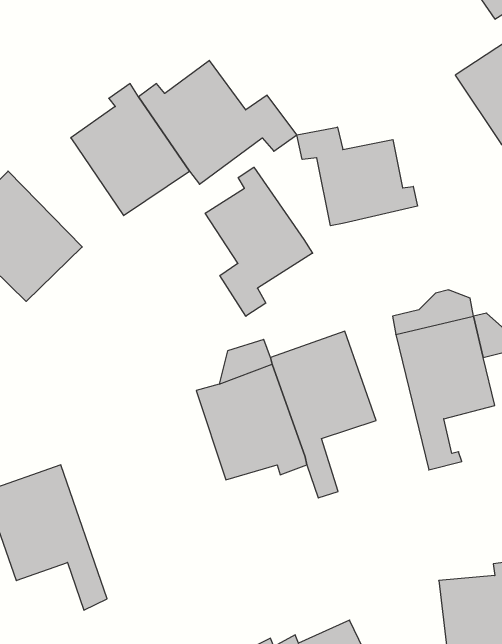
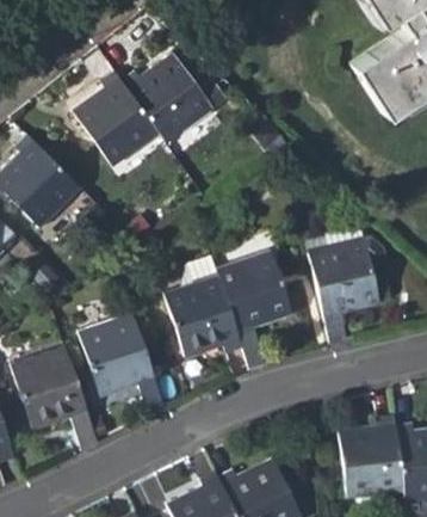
building: [297,127,417,226] -> none
building: [205,167,313,316] -> none
building: none -> [78,313,166,418]

